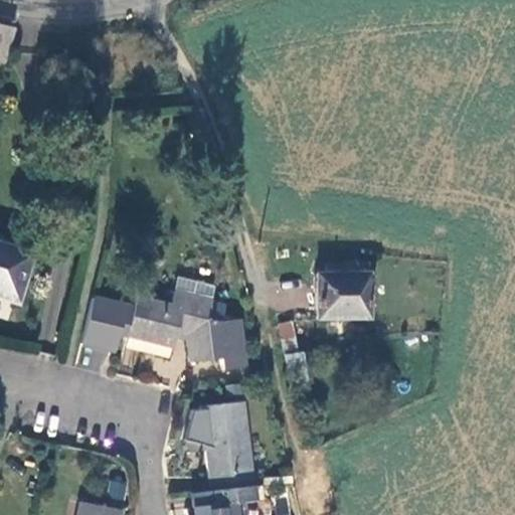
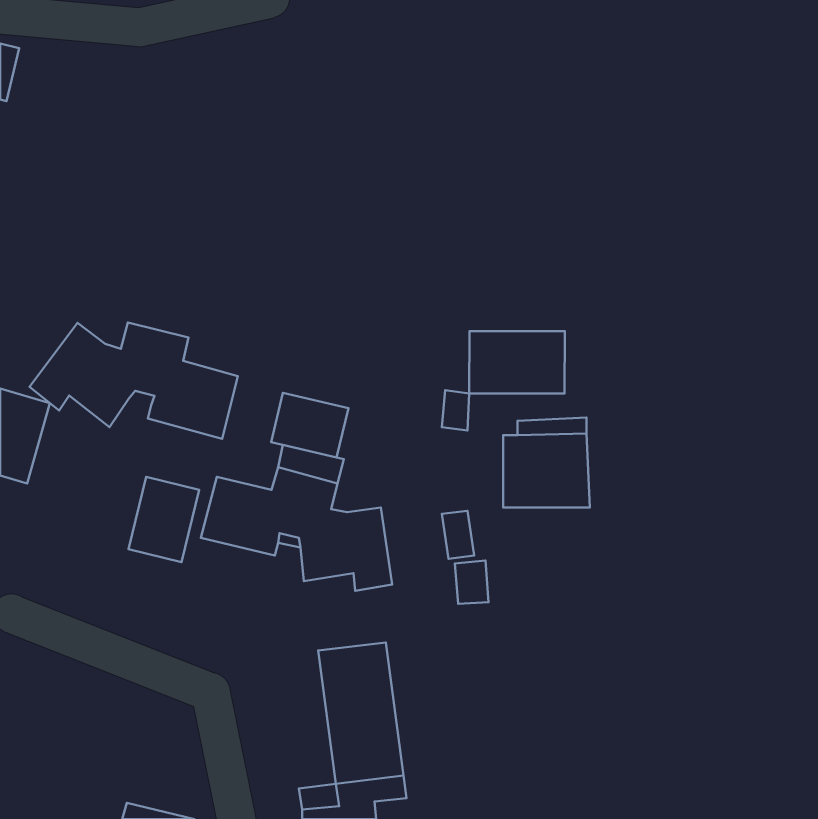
building: none -> [30,323,238,439]
building: none -> [469,331,565,393]
building: none -> [271,393,348,458]

